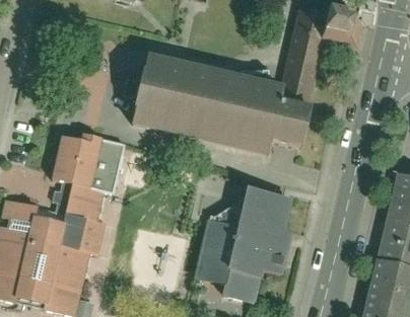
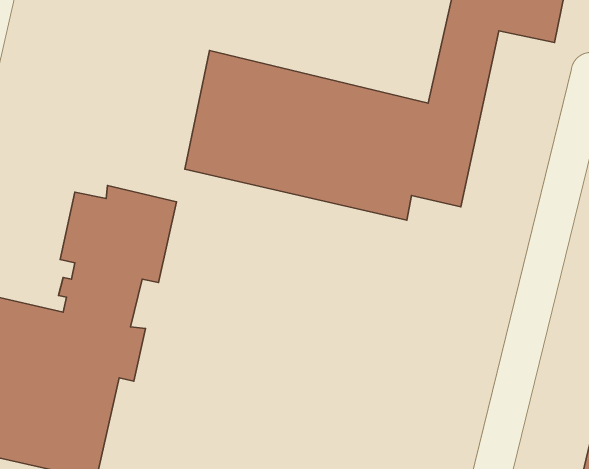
building: [193,186,291,303] -> none

